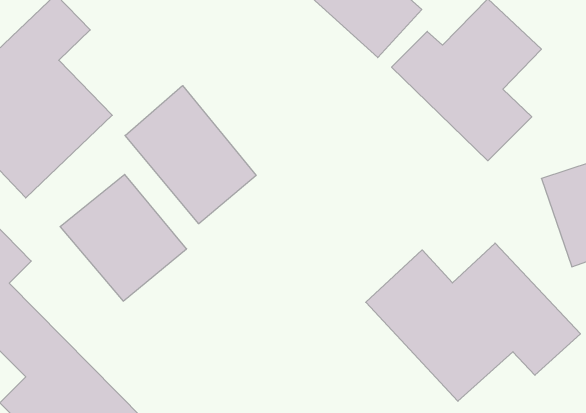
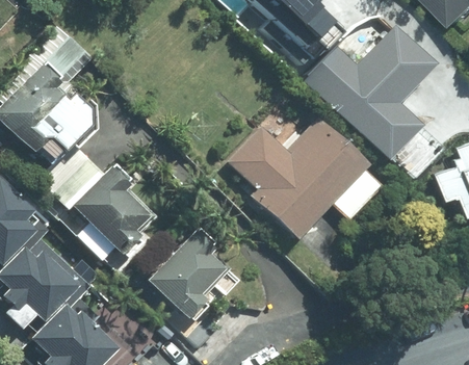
building: [125,86,256,224] -> none
building: [366,243,580,401] -> [223,118,385,237]
building: none -> [141,228,241,325]

